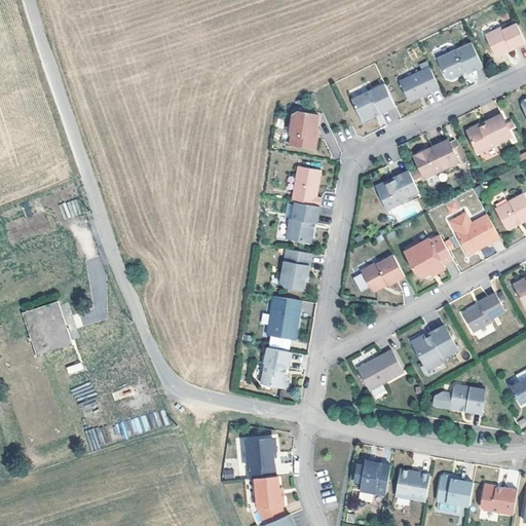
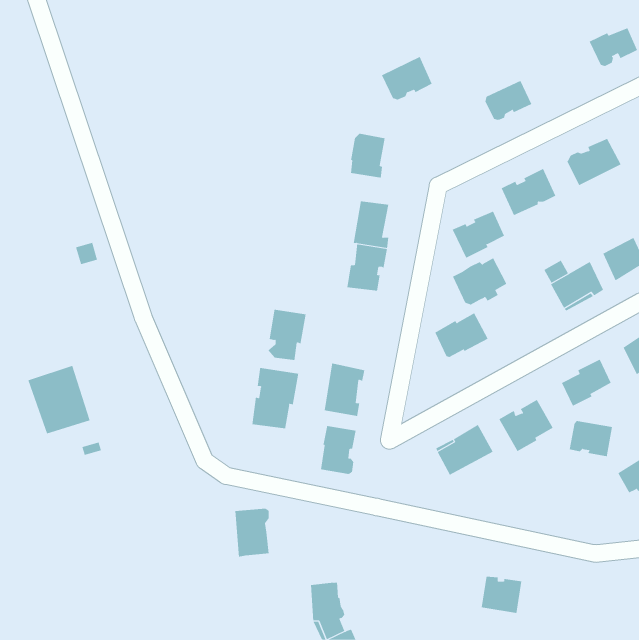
building: [437,42,481,78] -> none
building: [351,82,393,118] -> [381,56,433,100]
building: [405,237,450,276] -> [452,258,507,305]
building: [280,250,312,292] -> [267,309,306,360]
building: none -> [252,367,299,429]
building: [448,383,484,413] -> [569,420,613,457]
building: [247,440,275,480] -> [234,508,270,557]
building: [354,464,390,496] -> none
building: [437,477,473,508] -> none
building: [481,486,517,516] -> none

